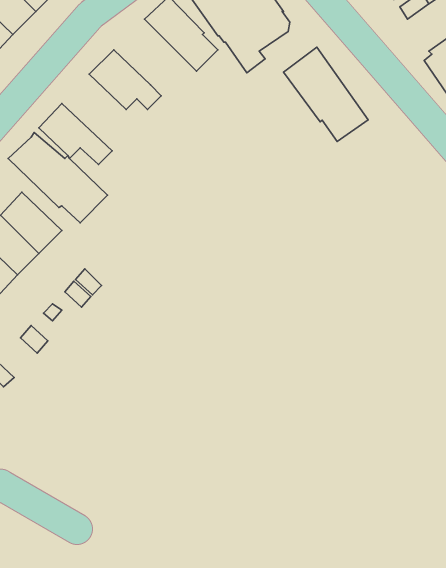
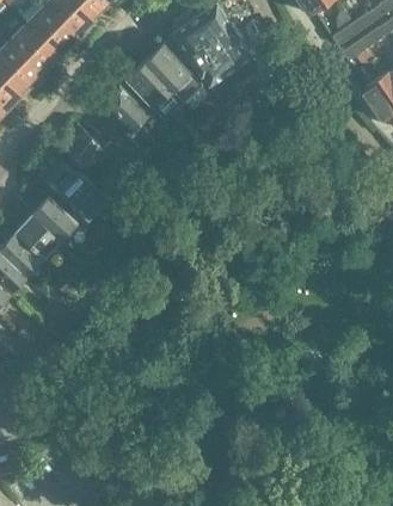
building: none -> [123,62,183,123]
building: [283,47,368,142] -> none

